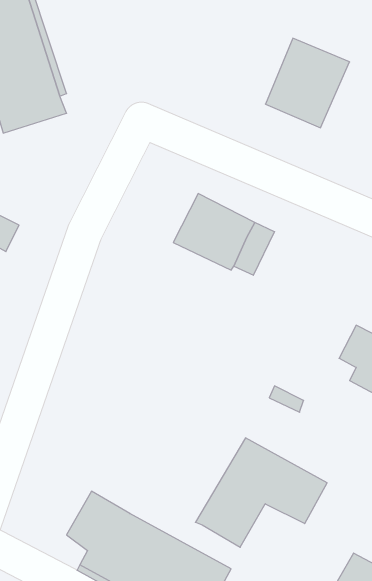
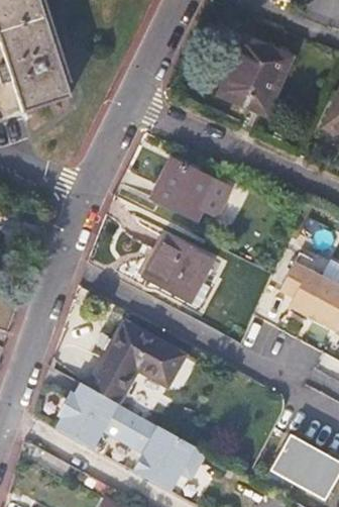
building: none -> [146,235,215,304]
building: [195,438,327,547] -> [86,320,187,404]

